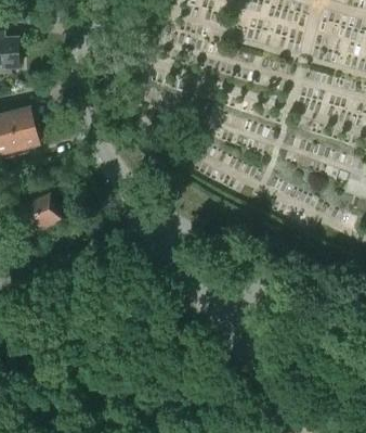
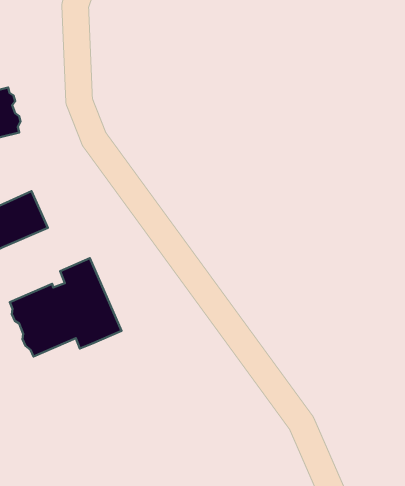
building: none -> [10,258,121,357]

